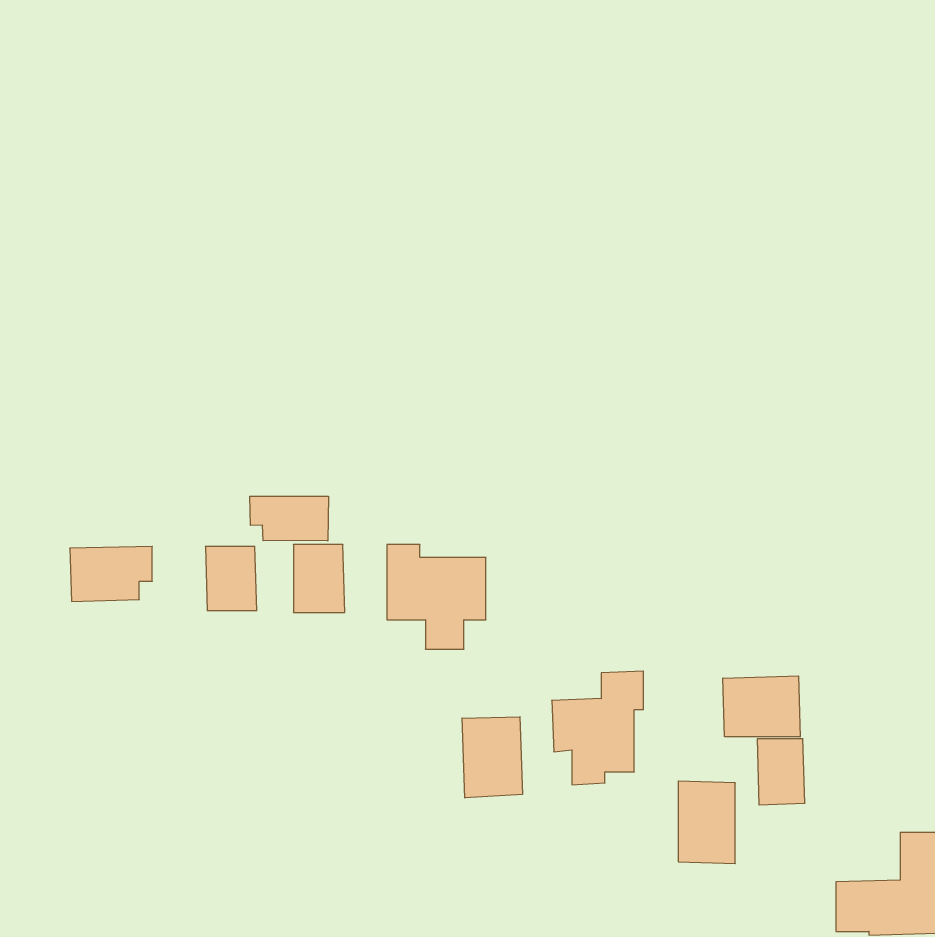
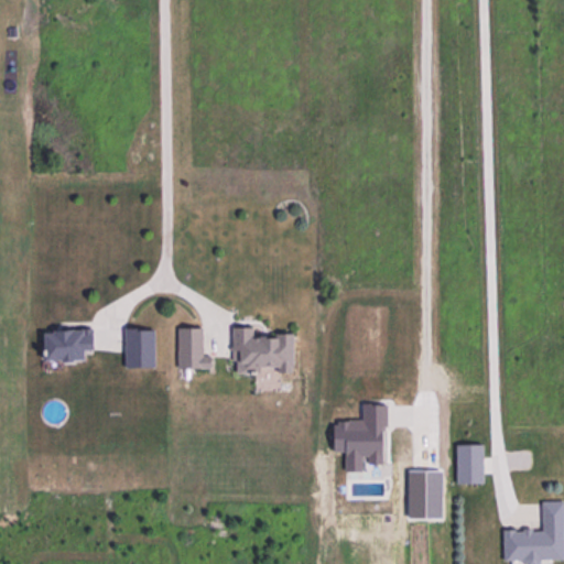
building: [250,496,328,541] -> none
building: [723,676,800,737] -> none
building: [462,717,523,798] -> none

